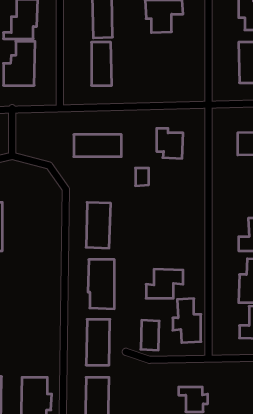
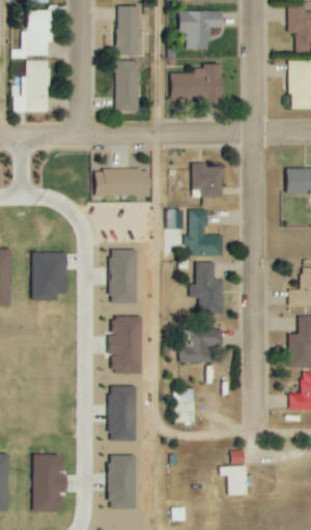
building: none -> [171,64,223,100]
building: none -> [188,209,222,257]
building: none -> [32,253,66,301]
building: [173,299,201,343] -> [190,262,223,314]

